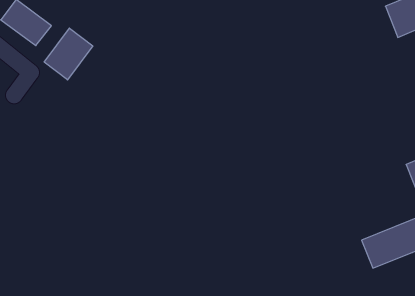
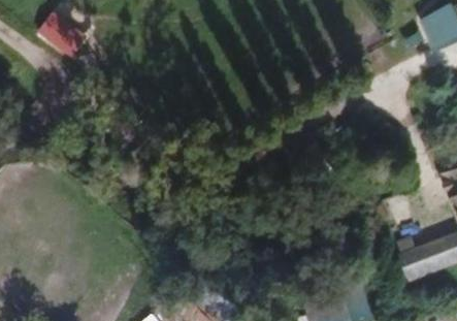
building: [44,28,93,80] -> none

